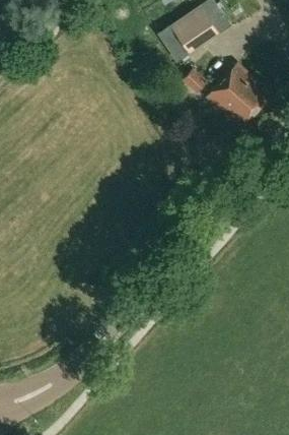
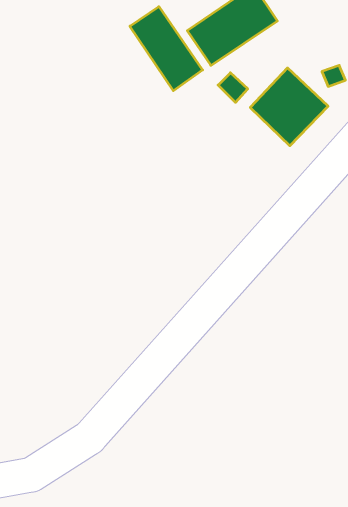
building: none -> [130,7,203,91]

